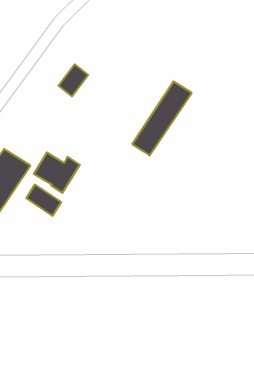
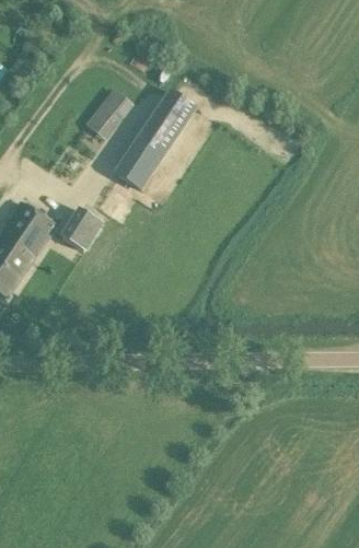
building: [132,81,192,156] -> [116,92,195,190]
building: [26,185,61,216] -> none

